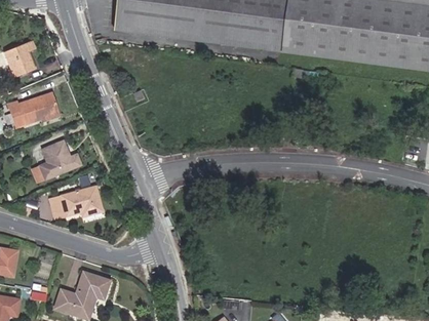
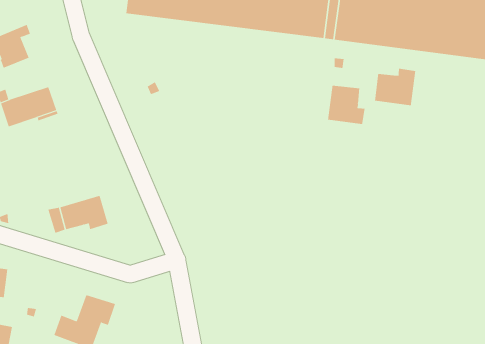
building: none -> [375,68,416,106]
building: none -> [328,85,365,125]
building: [39,142,78,179] -> none

